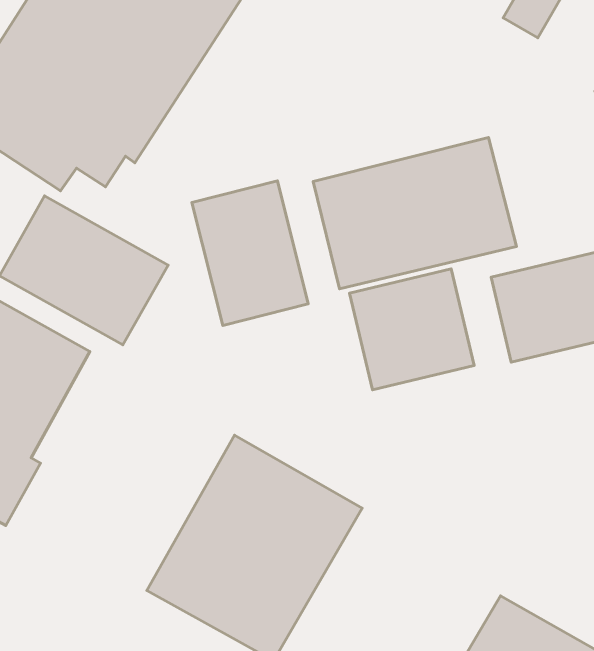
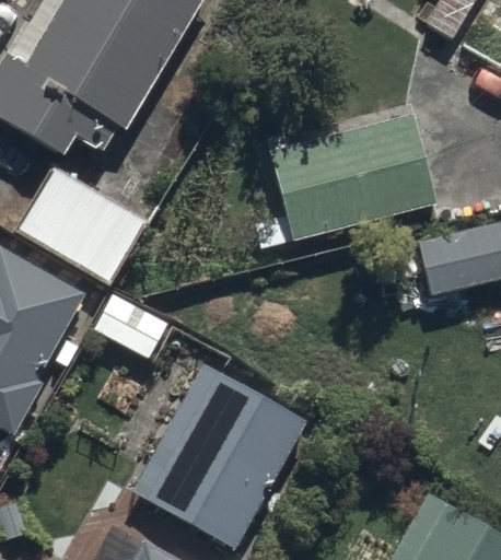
building: [192,181,308,326] -> none
building: [349,269,474,390] -> none

